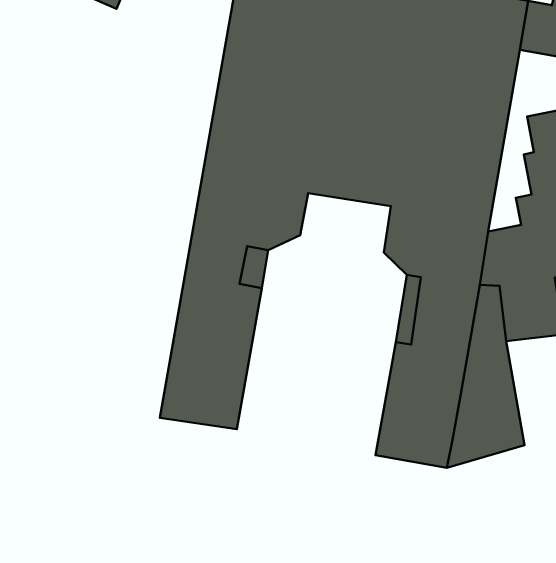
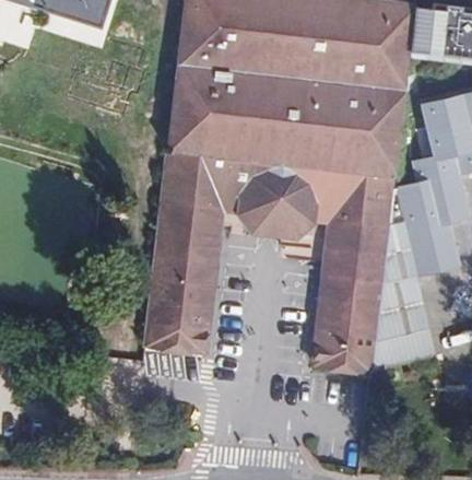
building: none -> [247,167,316,238]

